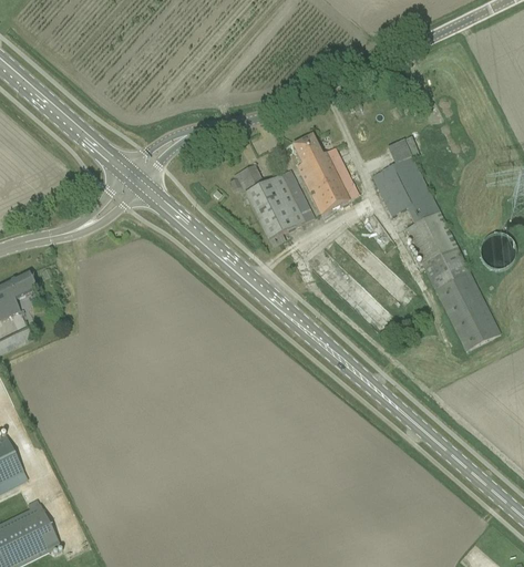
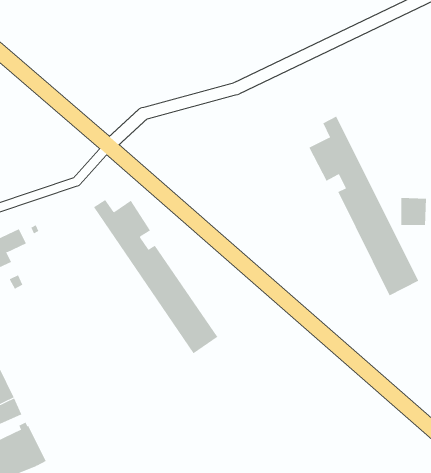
building: [292,135,359,214] -> none
building: [230,164,315,246] -> none
building: none -> [93,199,218,354]

